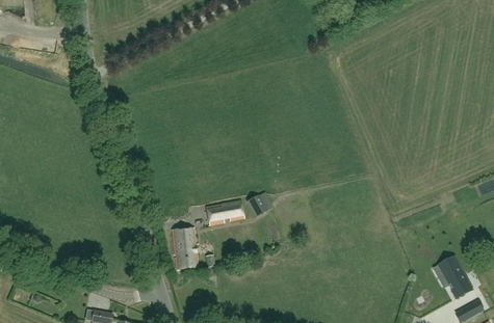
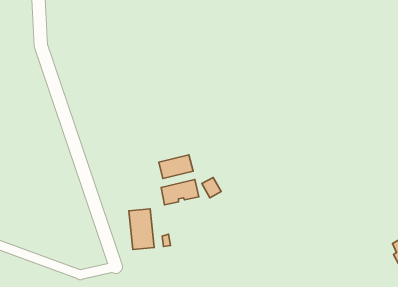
building: none -> [159,155,193,179]

